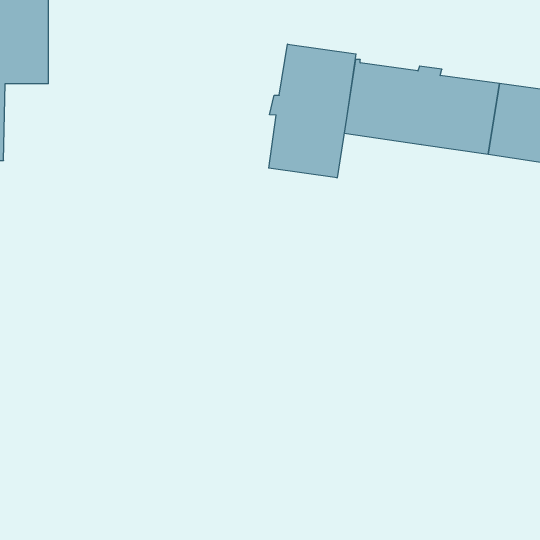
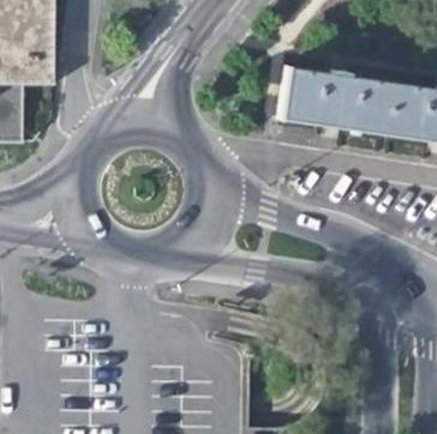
building: [269,44,356,178] -> none

